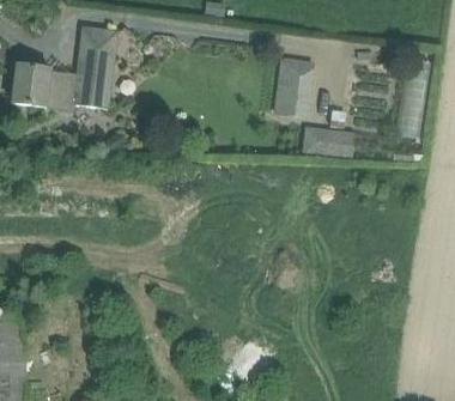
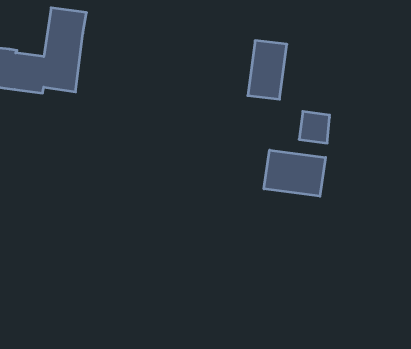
building: none -> [264,150,326,196]

